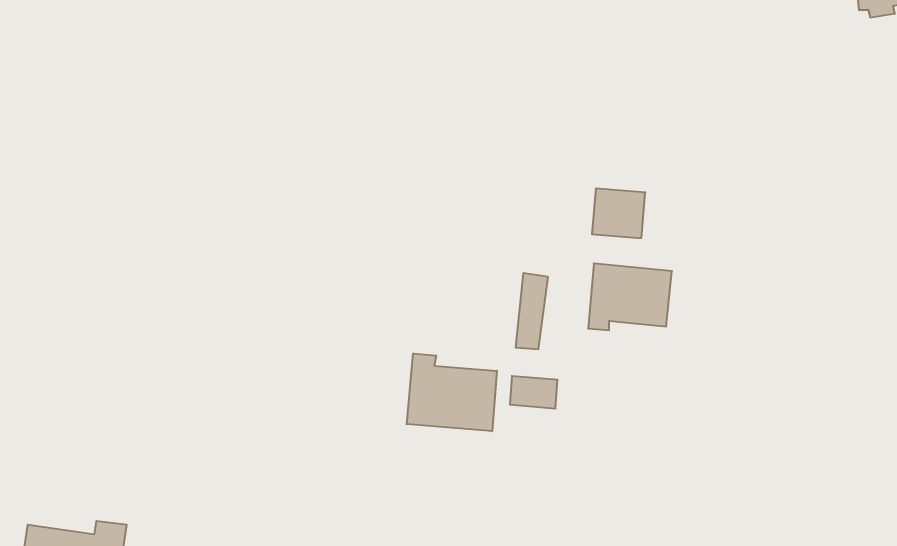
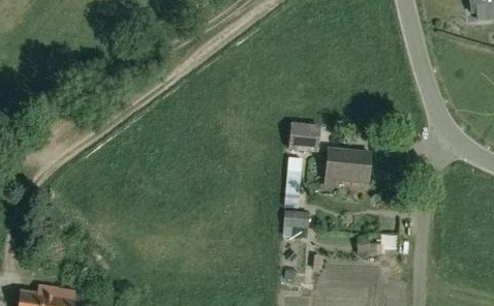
building: [592,189,645,238] -> [290,121,319,148]
building: [407,353,497,431] -> none

